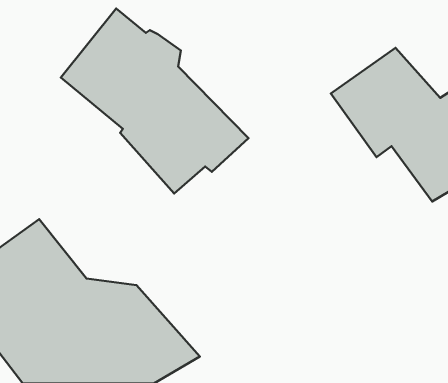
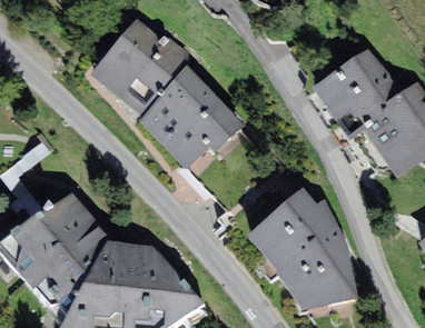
building: none -> [247,186,358,310]

